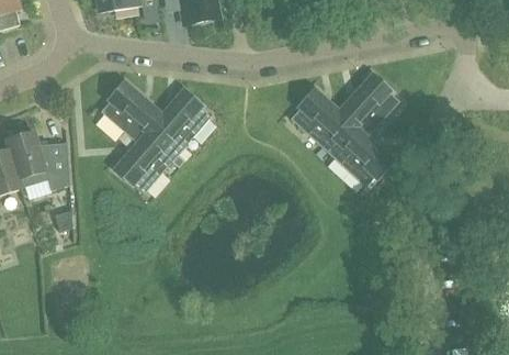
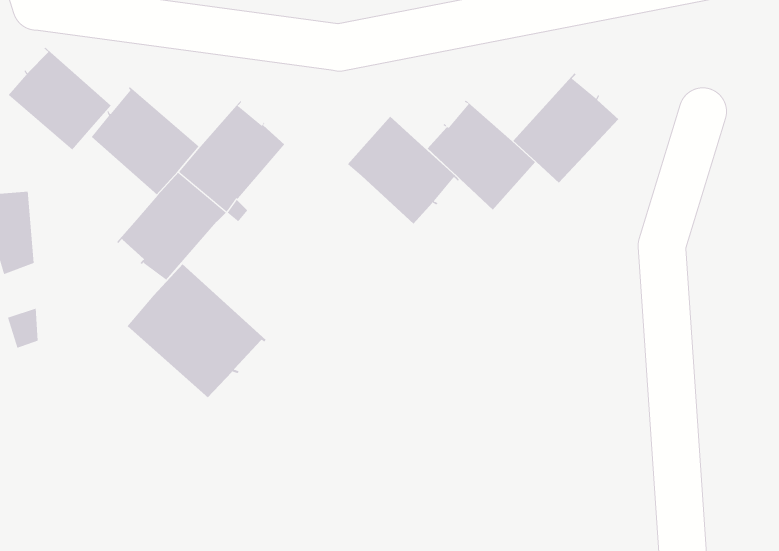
building: none -> [8,47,112,150]
building: [328,125,392,187] -> [347,116,460,225]
building: none -> [127,263,266,398]

